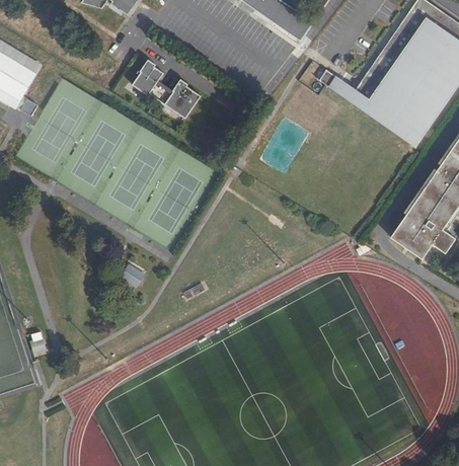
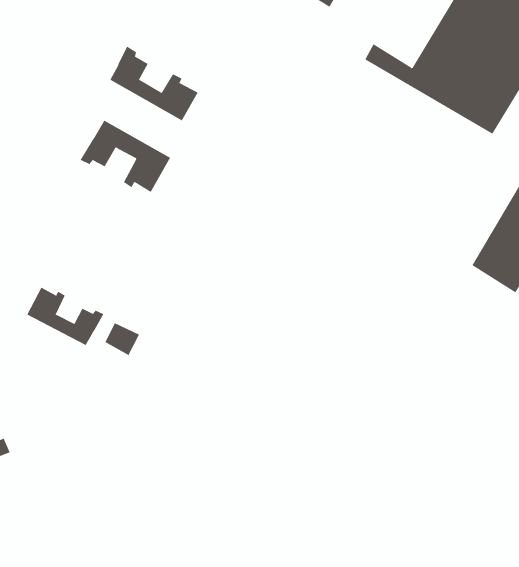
building: none -> [80,120,171,193]
building: none -> [27,287,104,346]

